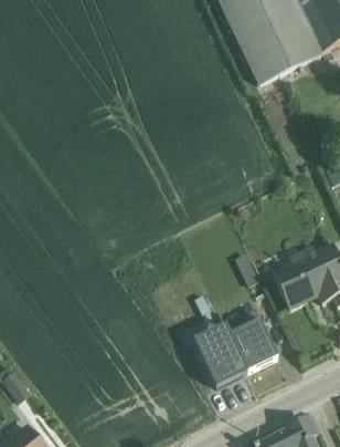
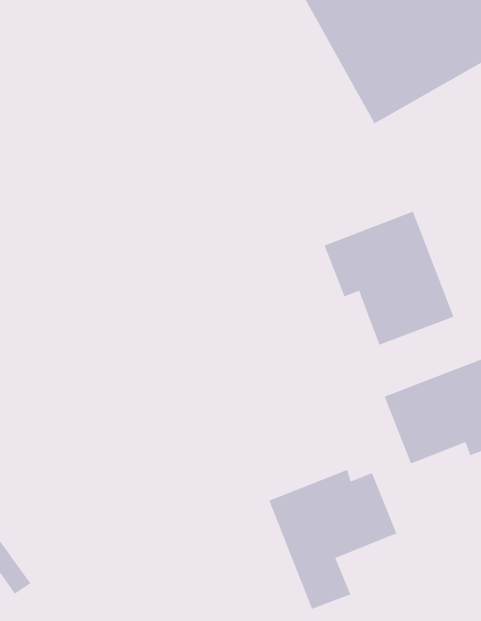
building: none -> [324,211,454,346]

